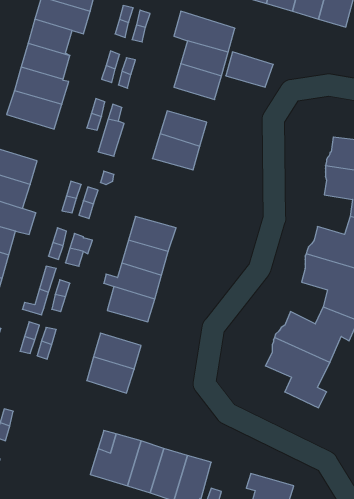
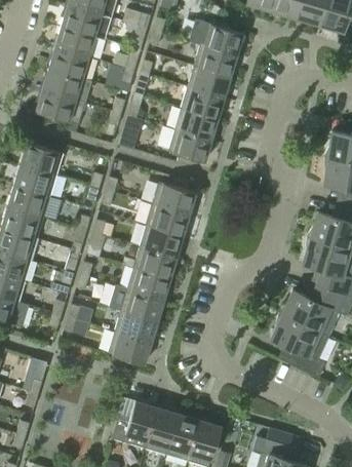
building: [226,52,273,87] -> [181,87,224,119]
building: none -> [152,183,195,215]
building: none -> [109,285,163,321]

